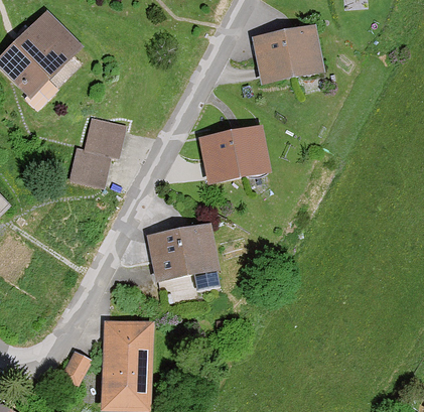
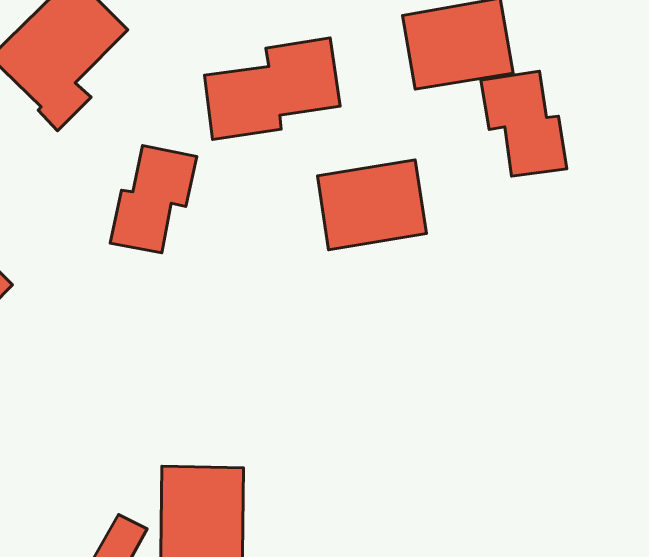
building: none -> [204,38,340,139]
building: none -> [481,71,567,176]
building: [146,224,217,282] -> none

